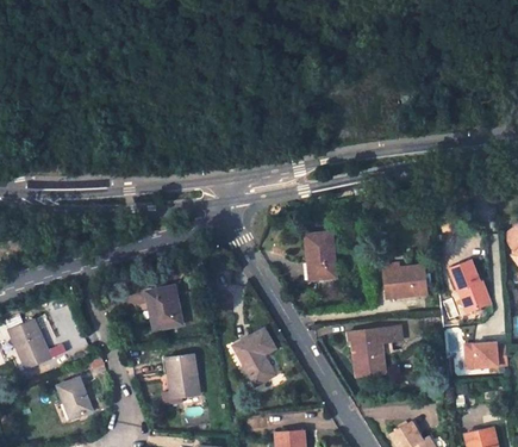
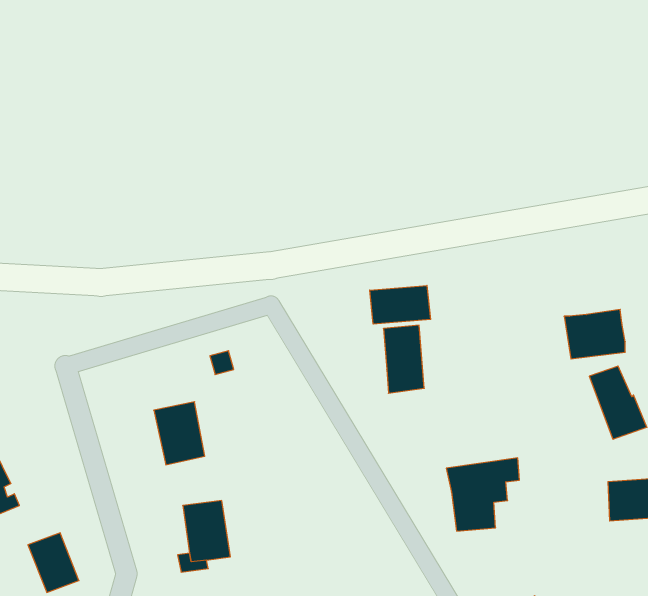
building: none -> [370,285,431,324]
building: [383,263,426,298] -> [564,309,625,359]
building: [233,329,275,385] -> none

